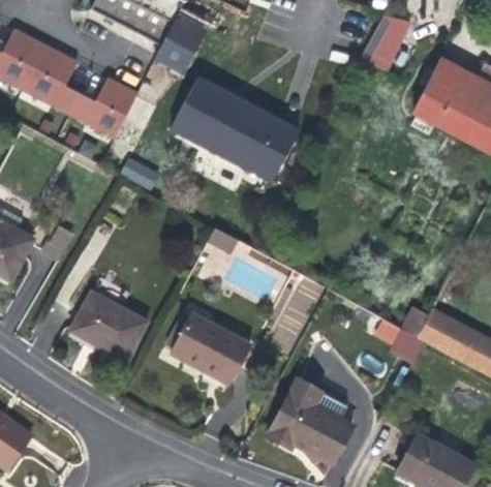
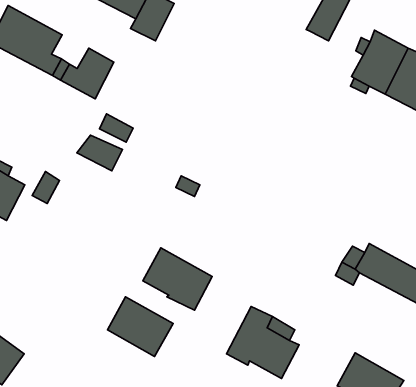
building: [171,78,299,182] -> none
building: none -> [77,135,122,171]
building: [71,292,148,361] -> [108,297,173,357]

